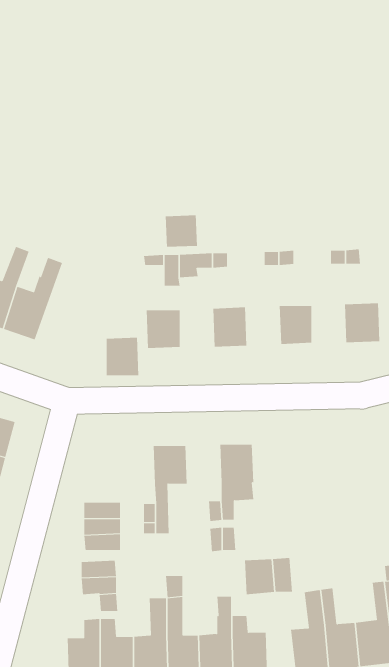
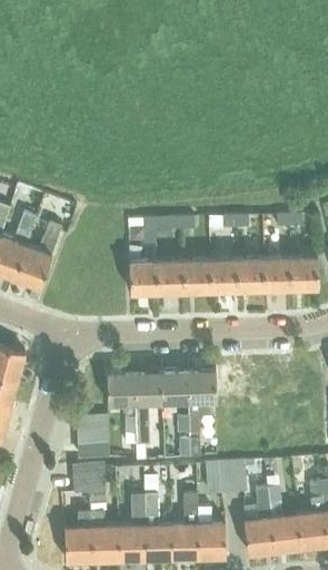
building: [165,215,197,248] -> none
building: none -> [262,259,289,291]
building: none -> [209,261,237,293]
building: [106,337,139,376] -> [157,263,183,294]
building: none -> [161,372,189,404]
building: none -> [107,373,136,405]

